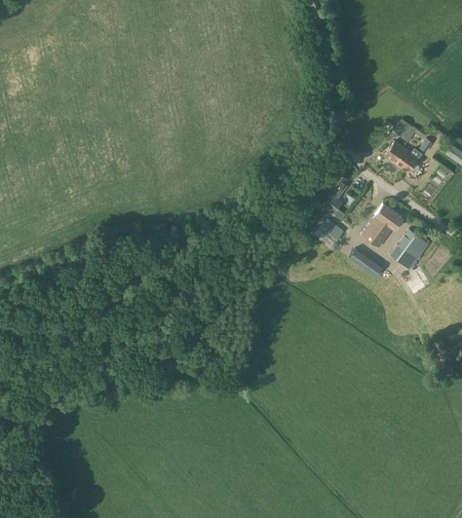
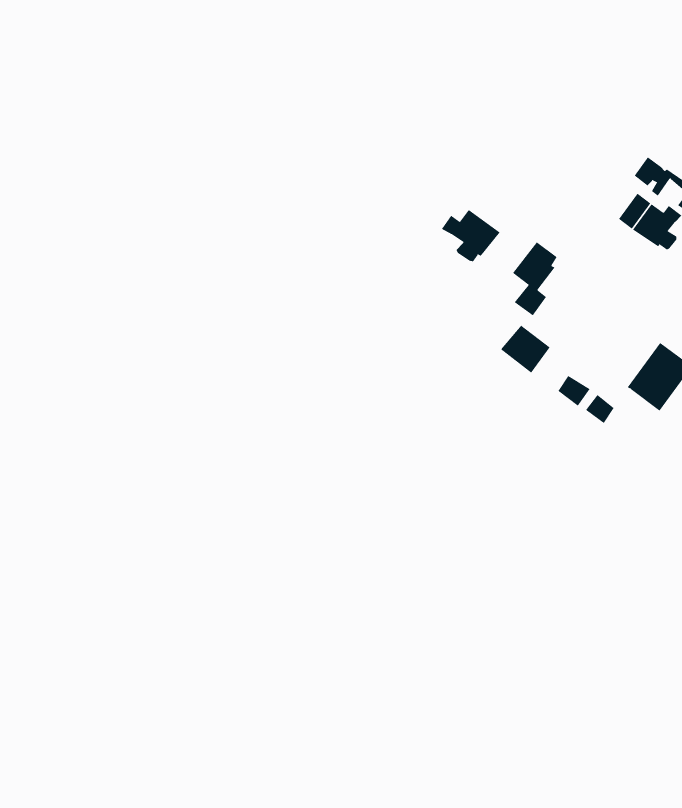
building: none -> [441,209,500,262]
building: [362,204,402,247] -> none

